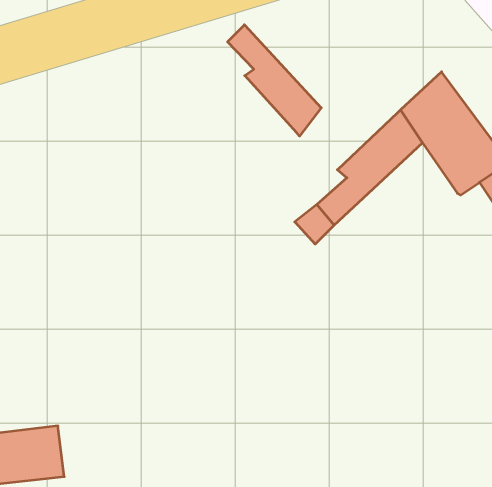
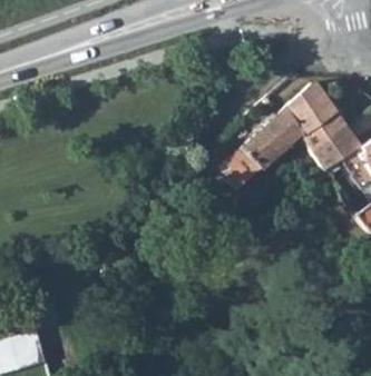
building: [228,25,321,136] -> none

